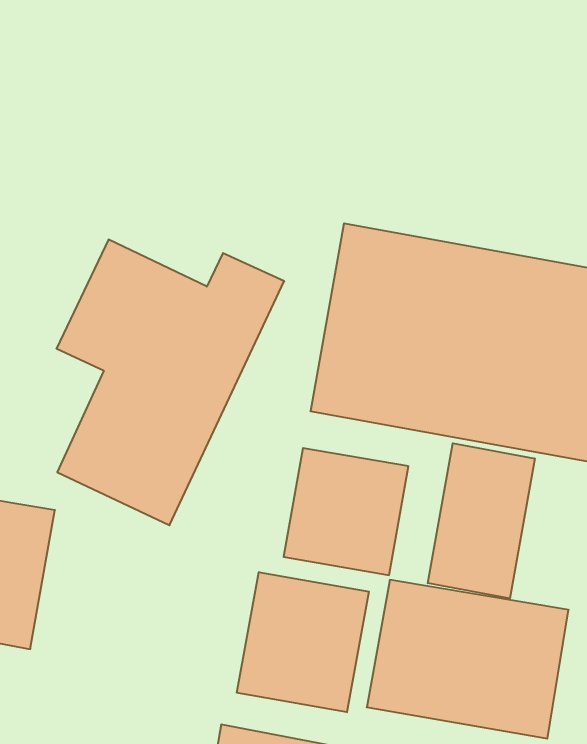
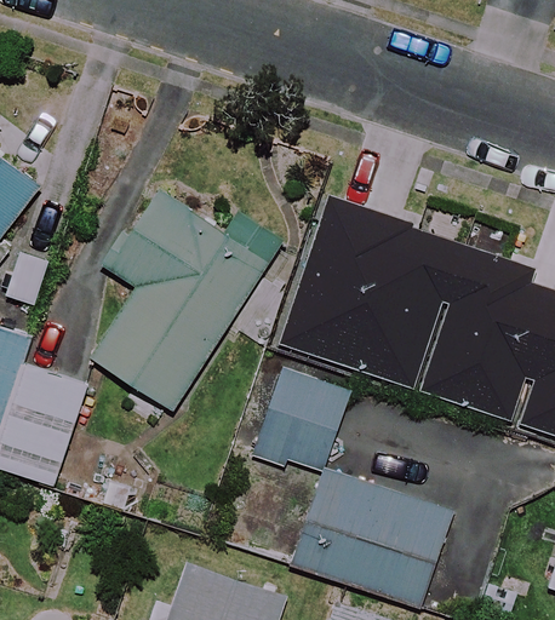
building: [428,443,535,598] -> none
building: [237,572,369,712] -> none

